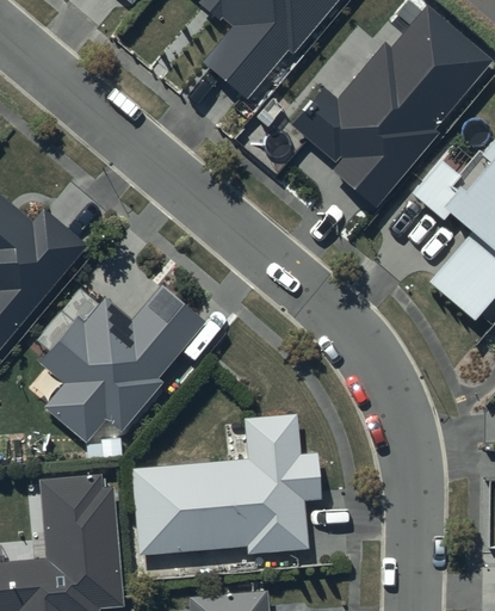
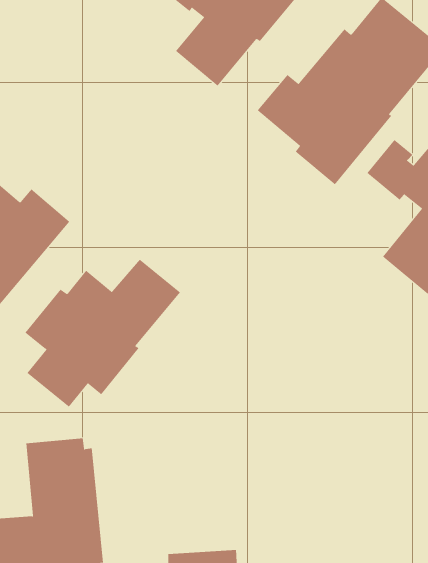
building: [134,415,324,556] -> none

